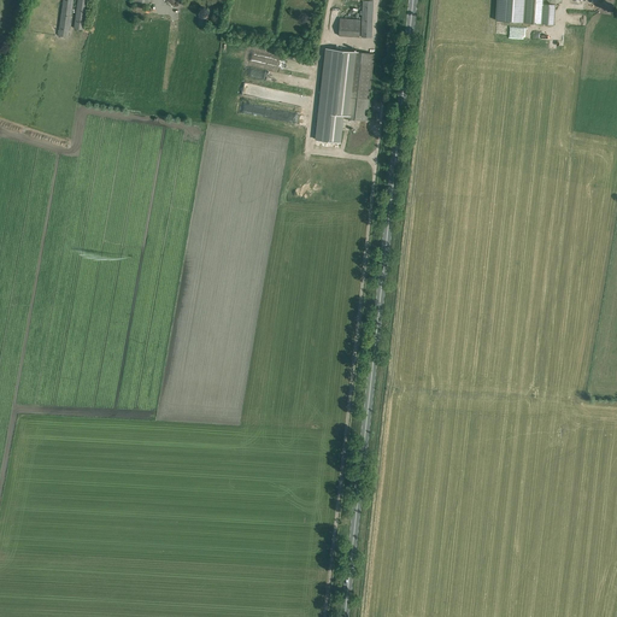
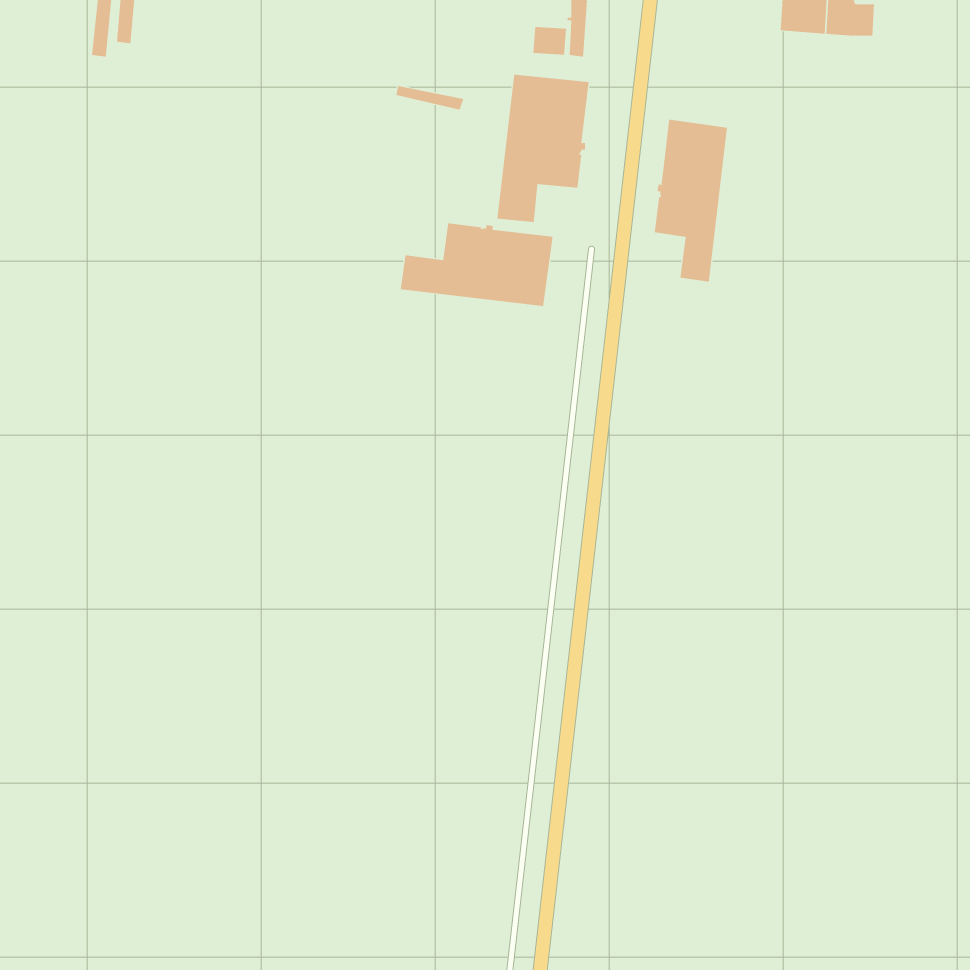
building: none -> [654,119,728,282]
building: none -> [400,222,553,307]

